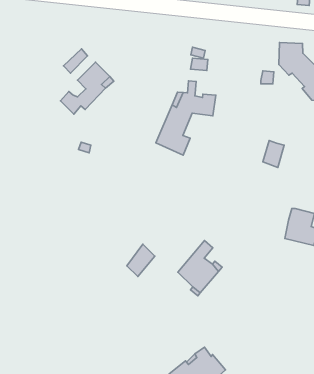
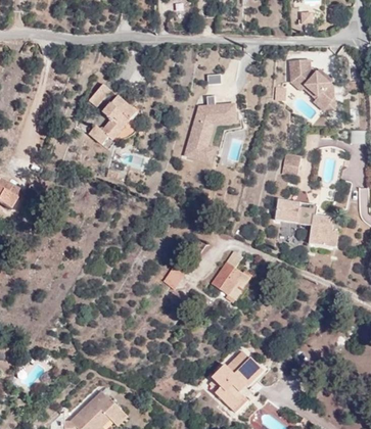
building: none -> [275,198,317,225]

